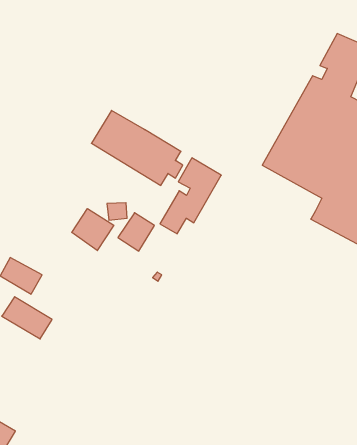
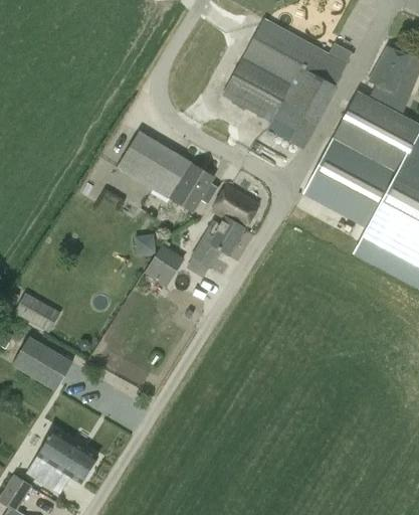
building: none -> [219,18,351,150]
building: [72,209,114,251] -> none
building: none -> [26,430,96,491]

